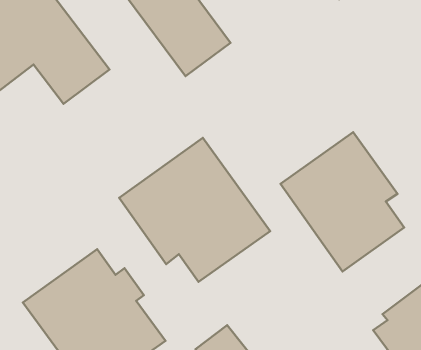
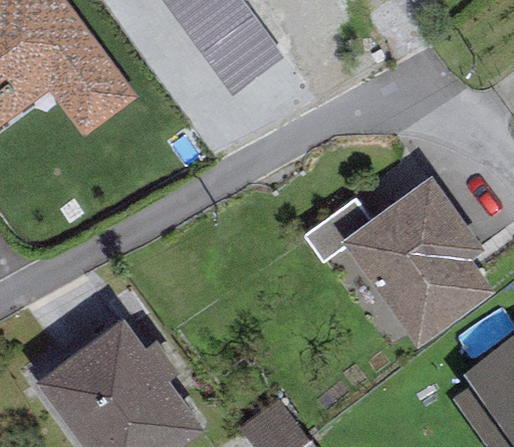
building: [119,138,270,282] -> none

